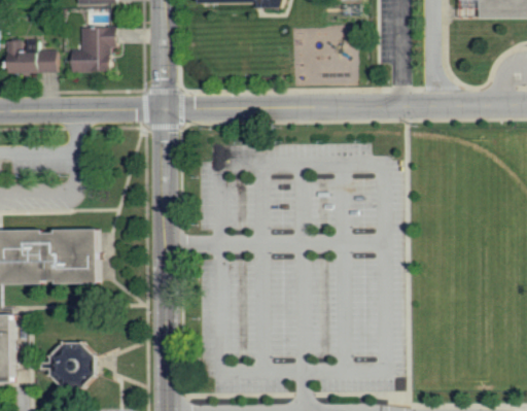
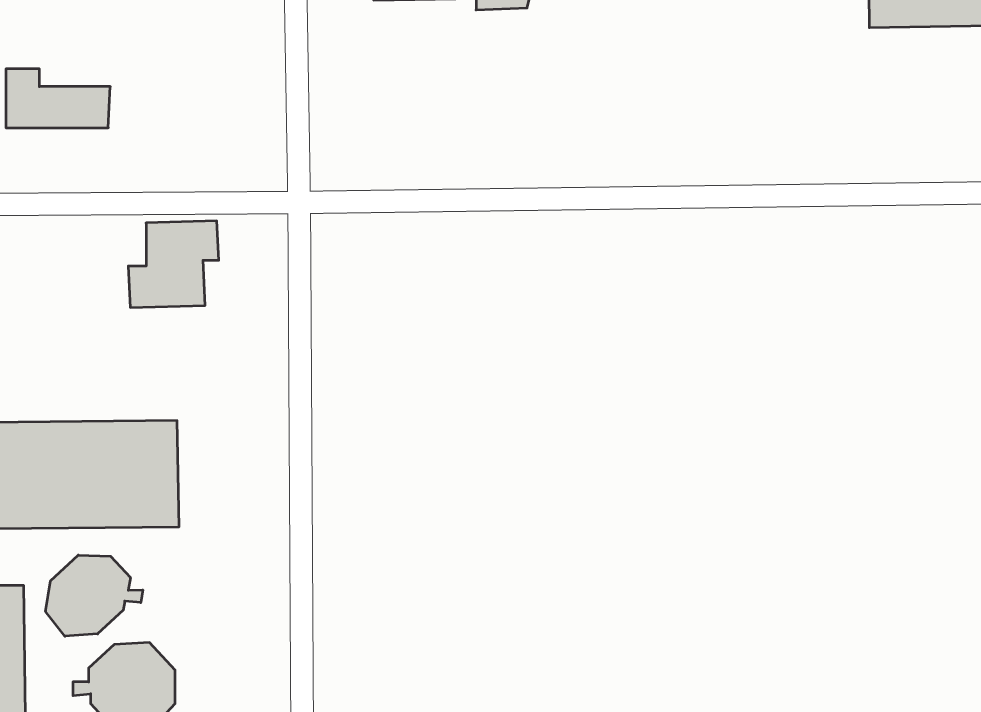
building: [72,27,119,72] -> [128,221,219,307]
building: none -> [46,555,143,636]

